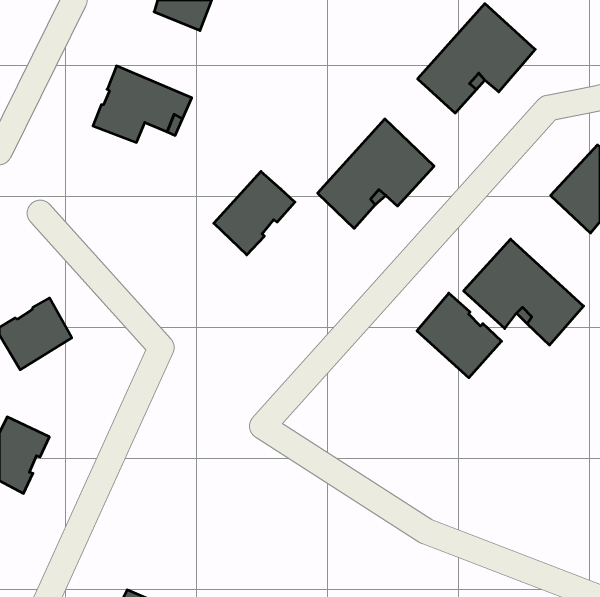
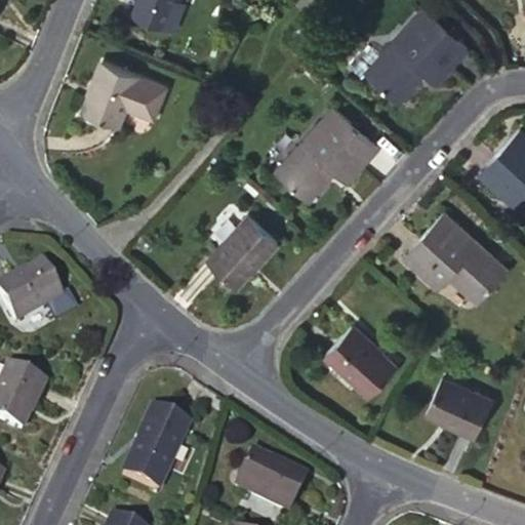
building: [214,171,295,255] -> [208,216,279,289]
building: [417,293,502,378] -> [325,325,399,399]
building: none -> [427,379,491,437]
building: none -> [119,409,187,495]
building: none -> [232,453,301,514]

